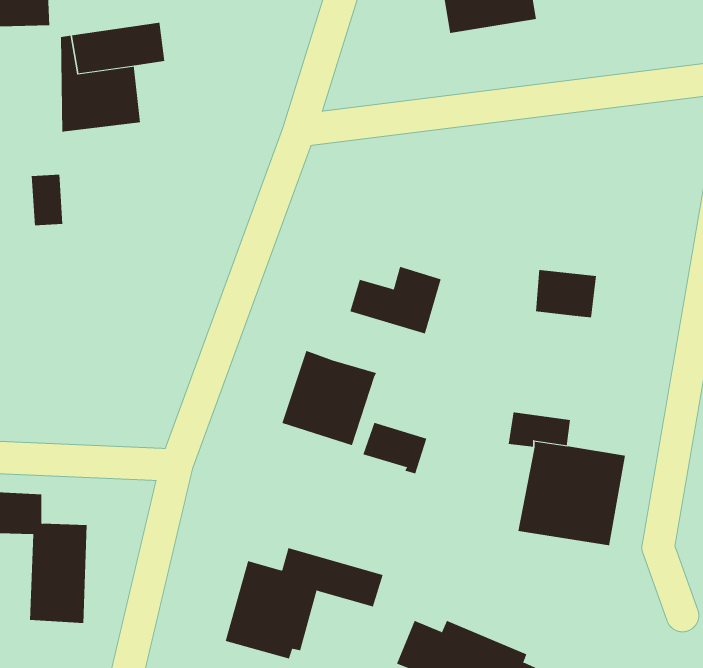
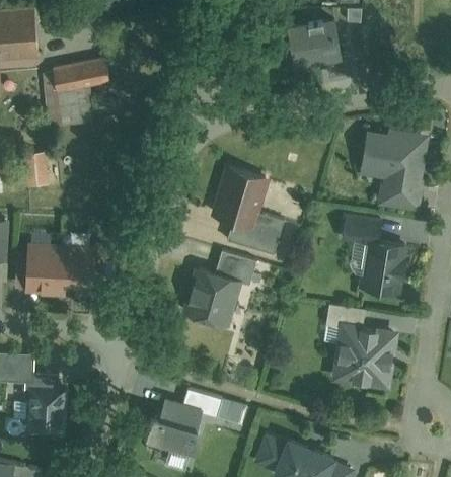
building: none -> [360,131,429,215]
building: none -> [210,165,267,228]
building: none -> [23,243,93,298]
building: none -> [362,245,407,297]
building: [363,422,427,474] -> [215,252,255,285]

